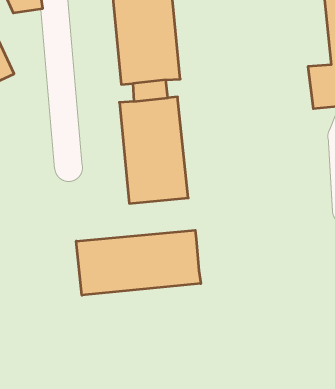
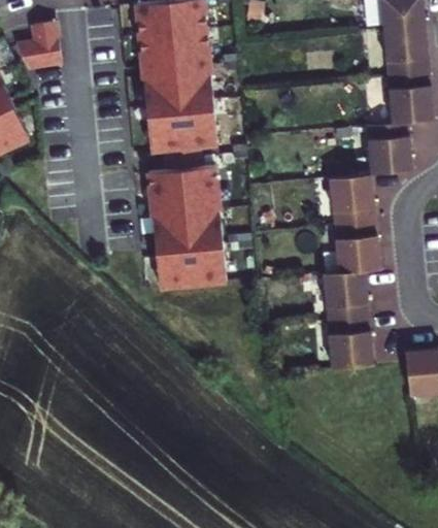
building: none -> [324,177,380,371]
building: [76,230,201,295] -> none

